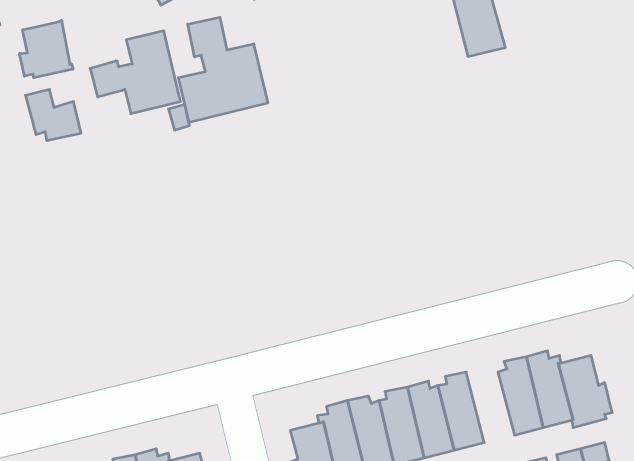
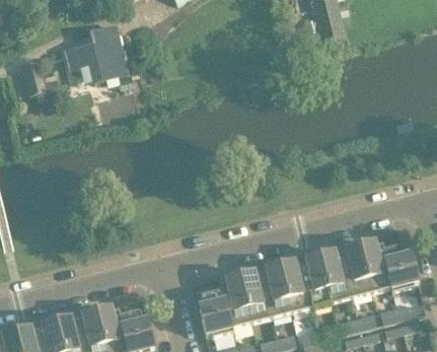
building: [178,17,268,122] -> none
building: [20,20,73,78] -> none
building: none -> [319,251,352,302]

